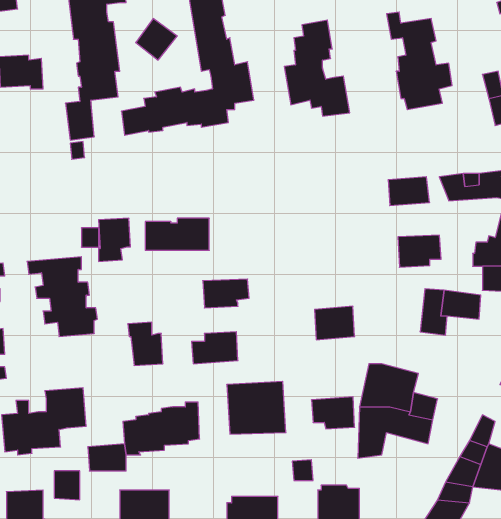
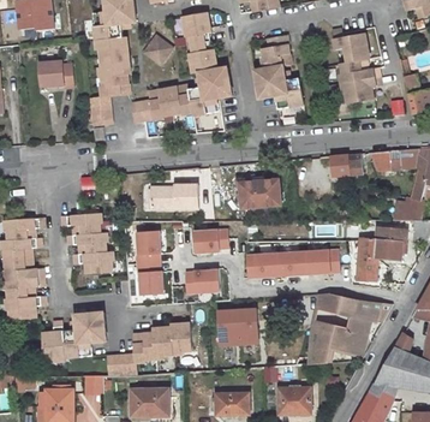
building: none -> [235,178,280,208]
building: [99,218,130,261] -> [136,231,160,263]
building: [398,235,441,267] -> [305,249,338,273]
building: none -> [351,301,392,322]
building: [311,397,355,429] -> [245,252,277,277]

